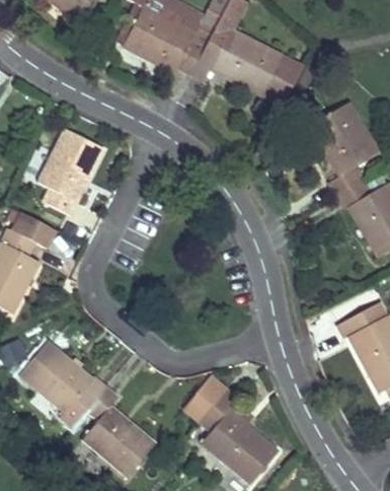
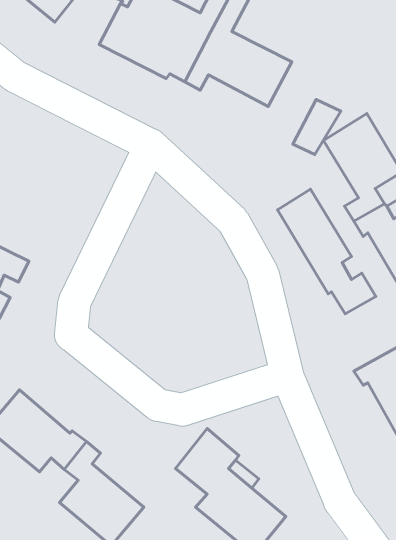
building: [262,57,304,104] -> [293,100,341,155]
building: [38,129,103,214] -> none
building: none -> [278,189,376,314]

